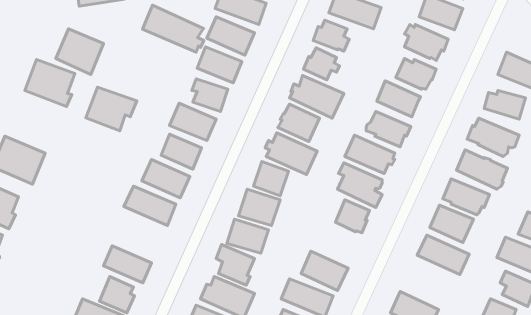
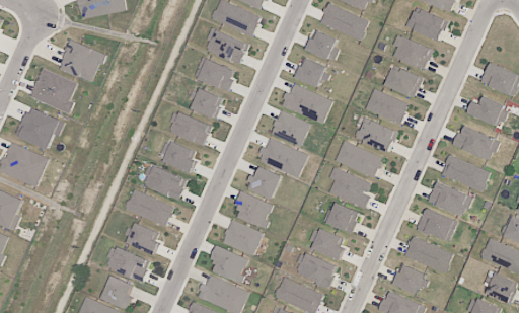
building: [142,5,204,52] -> none
building: [86,87,137,131] -> [16,107,65,149]
building: none -> [123,223,160,254]
building: none -> [307,228,344,260]
building: none -> [392,264,427,293]

